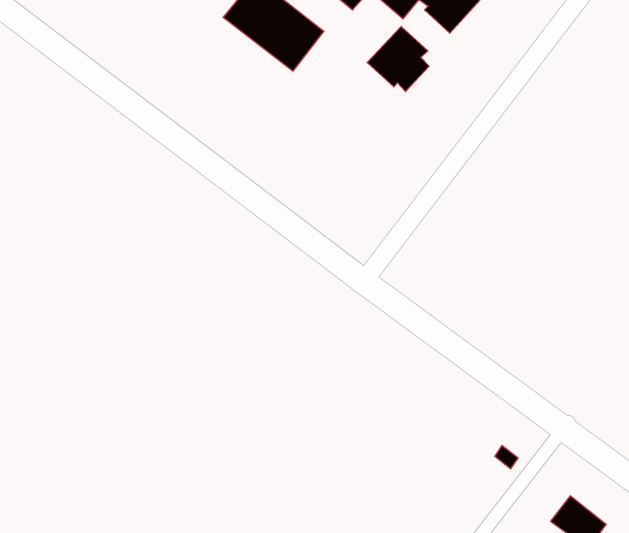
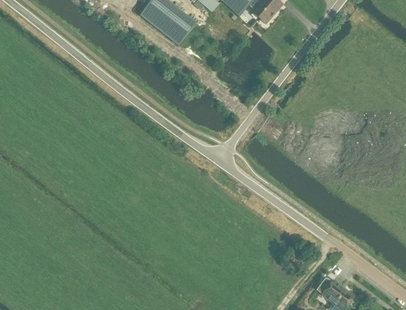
building: [367,26,429,92] -> none

